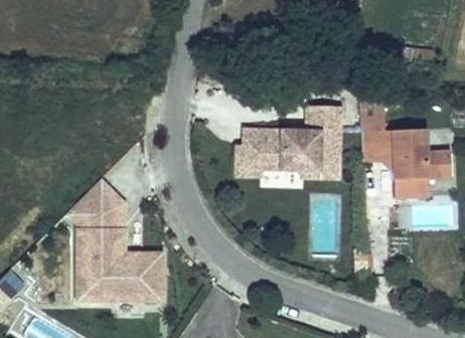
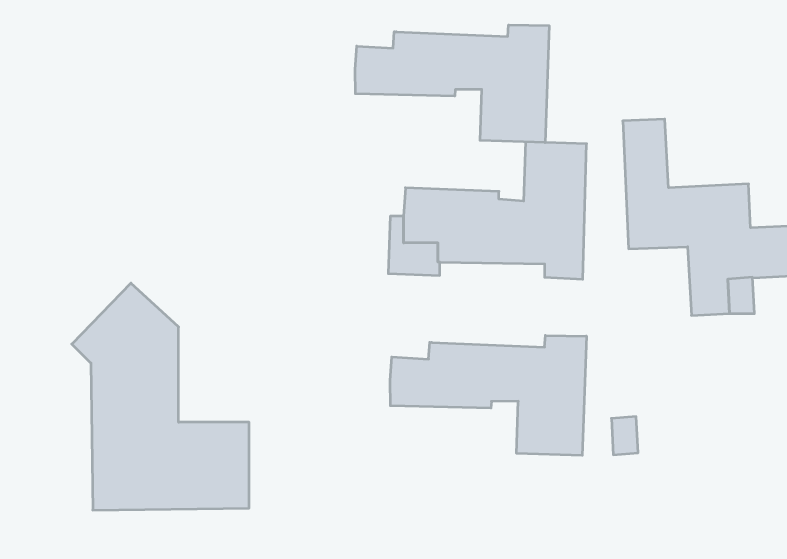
building: none -> [355,25,549,143]
building: none -> [390,335,586,455]

